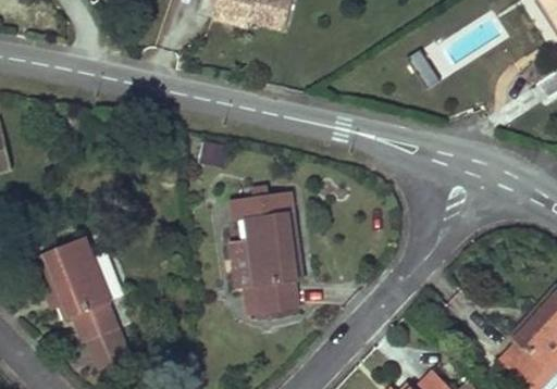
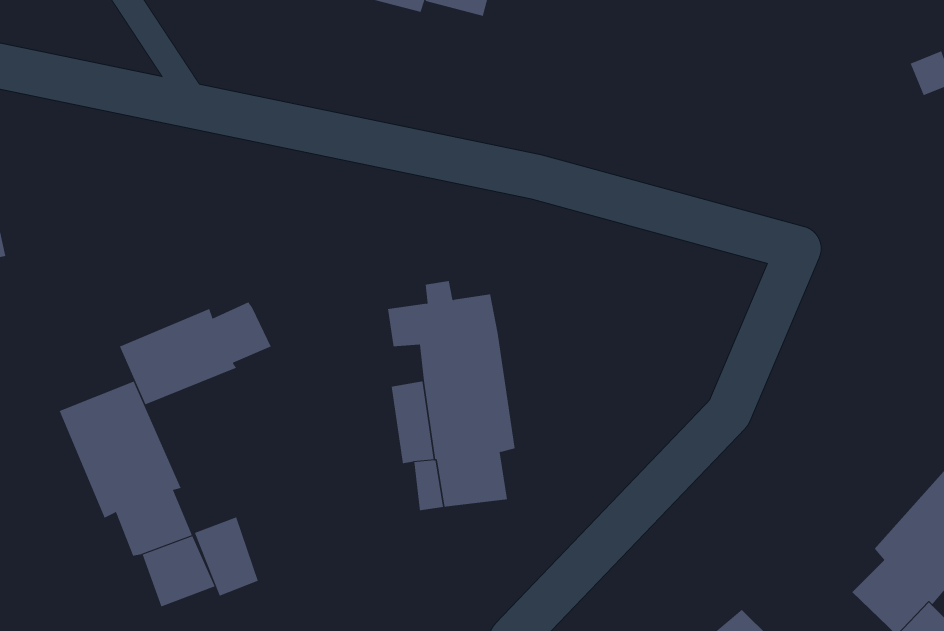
building: none -> [119,302,271,405]
building: none -> [194,517,259,597]

